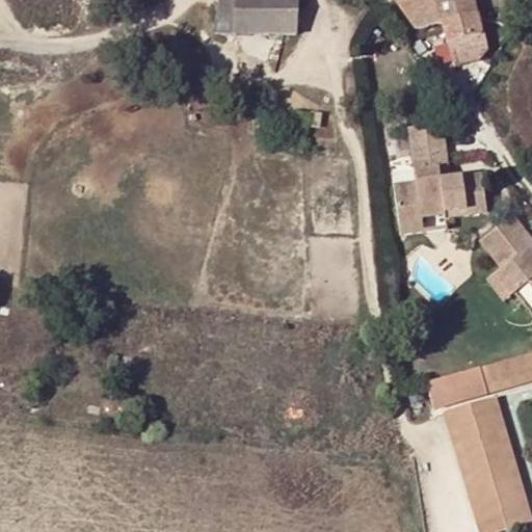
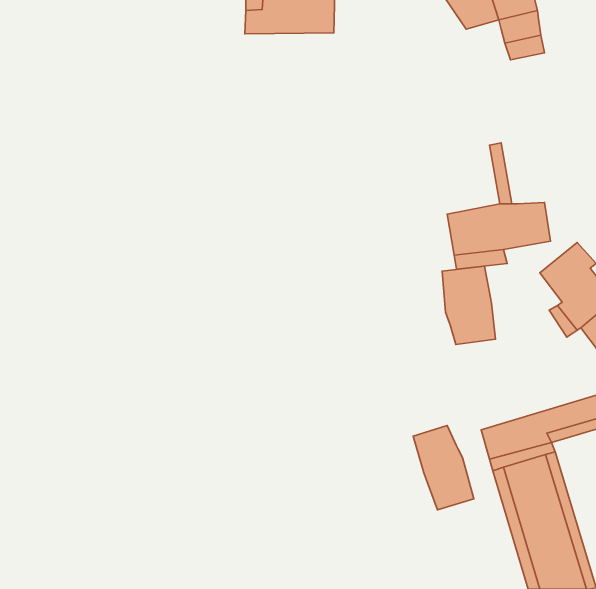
building: [414,129,446,182] -> none
building: none -> [442,266,496,345]
building: none -> [413,425,474,510]

